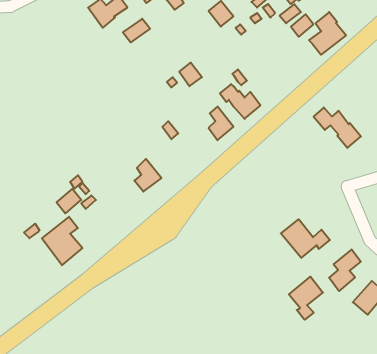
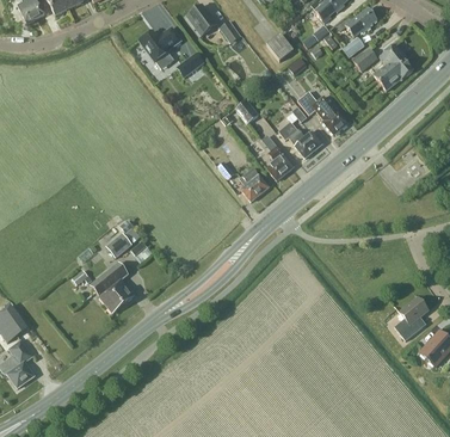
building: [314,107,361,148] -> [298,91,349,134]
building: [134,159,161,192] -> [241,166,270,201]
building: [281,219,330,258] -> none
building: [289,277,323,320] -> none

